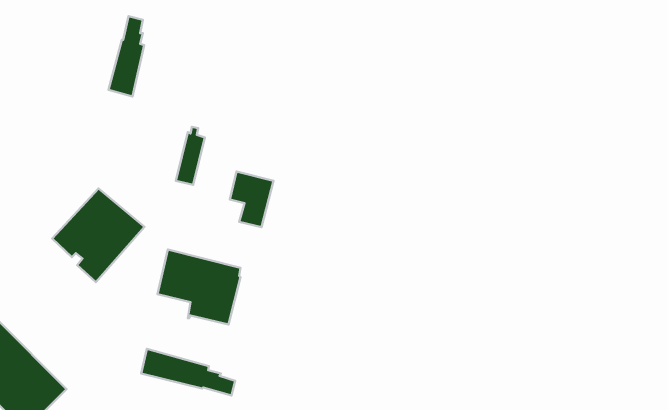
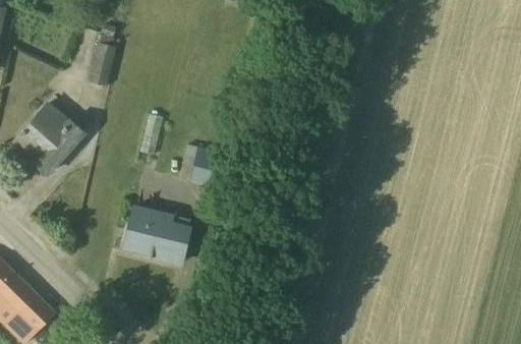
building: [52,189,144,282] -> [13,102,84,174]
building: [141,349,235,396] -> none

